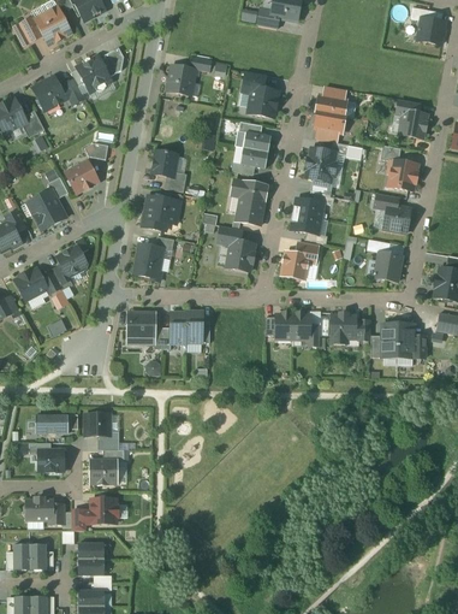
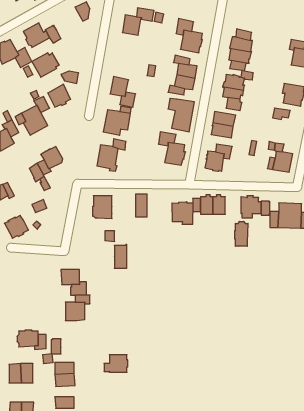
building: [77,57,114,90] -> [32,53,59,77]
building: [383,205,410,232] -> none
building: [14,268,47,300] -> [4,215,28,238]
building: [169,311,186,343] -> [114,244,127,268]
building: none -> [172,202,193,224]
building: none -> [235,221,248,246]
building: [35,414,69,433] -> none
building: [38,449,64,471] -> none
building: [84,498,117,523] -> [104,355,128,372]

